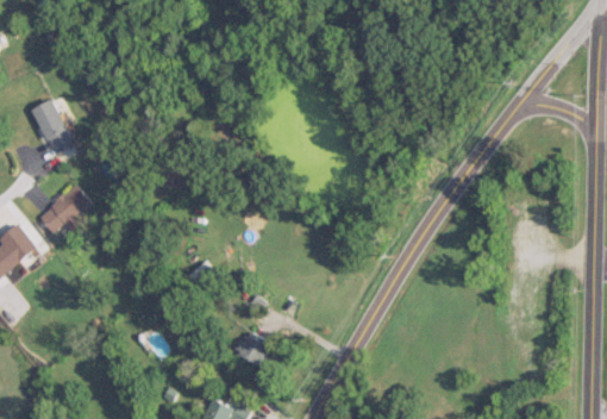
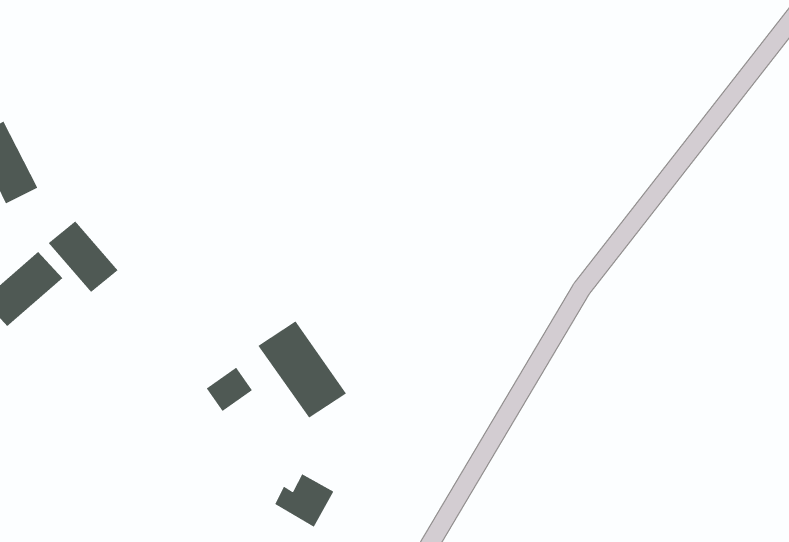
building: none -> [48,221,119,293]
building: none -> [258,321,347,418]

